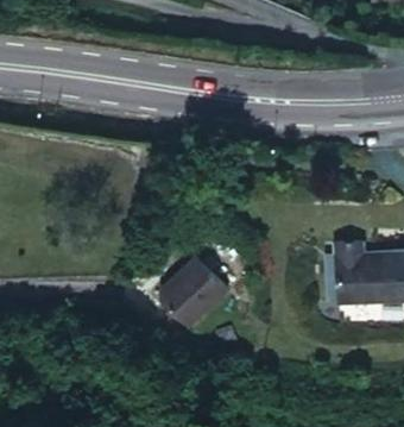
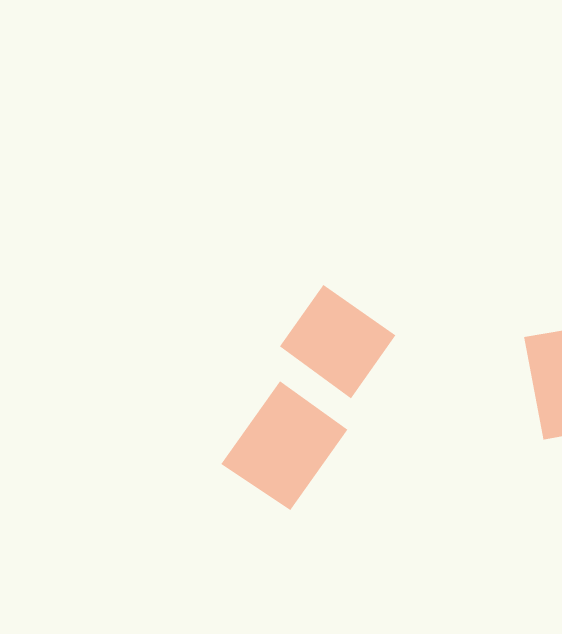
building: none -> [279,284,397,400]

